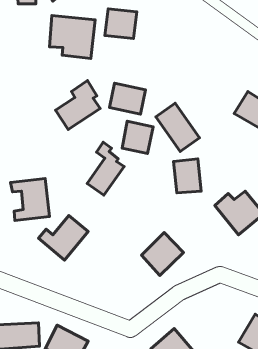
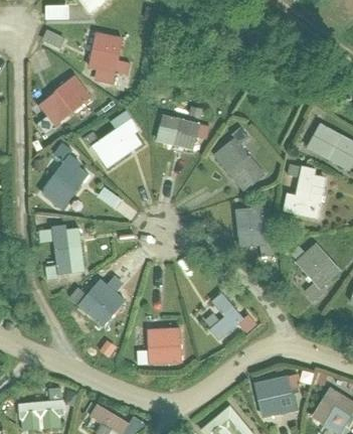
building: [105,9,137,39] -> none
building: none -> [40,77,93,126]
building: [122,121,153,154] -> none
building: none -> [281,162,328,216]
building: [87,142,124,195] -> [43,143,87,206]
building: none -> [149,318,186,363]
building: none -> [253,374,296,417]

